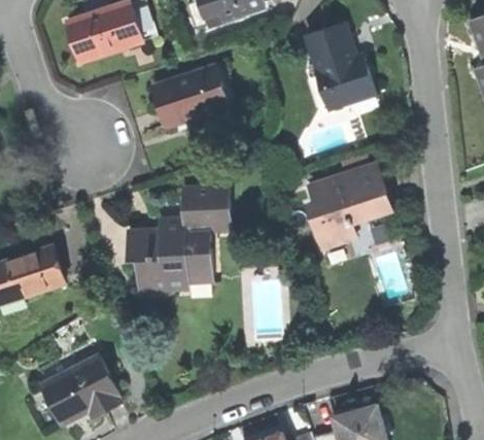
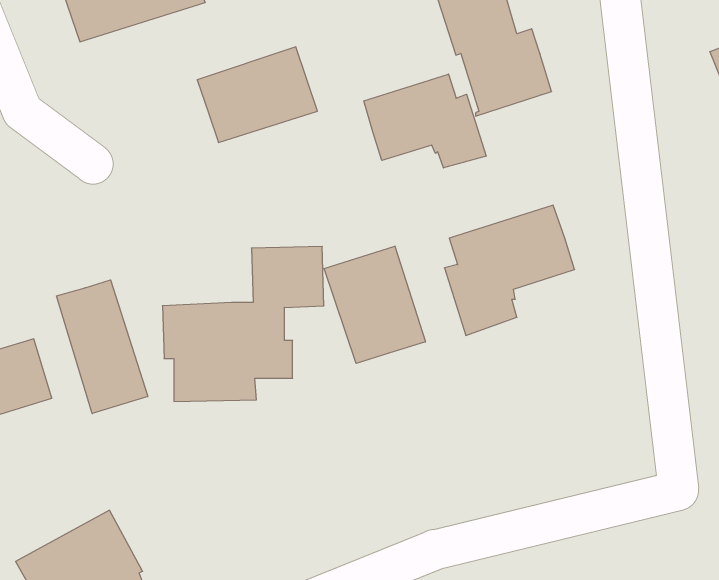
building: none -> [364,74,486,168]
building: none -> [324,246,425,363]
building: none -> [56,280,148,414]

